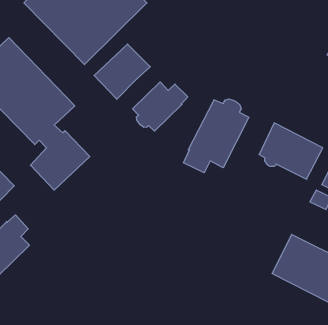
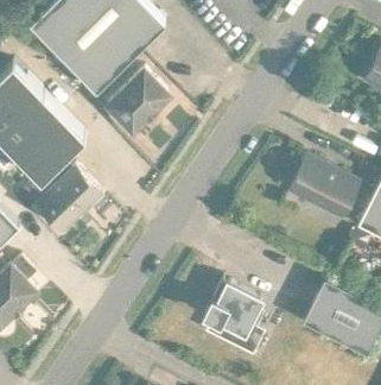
building: [133,82,188,131] -> none
building: [184,99,249,173] -> none
building: none -> [204,284,263,358]

